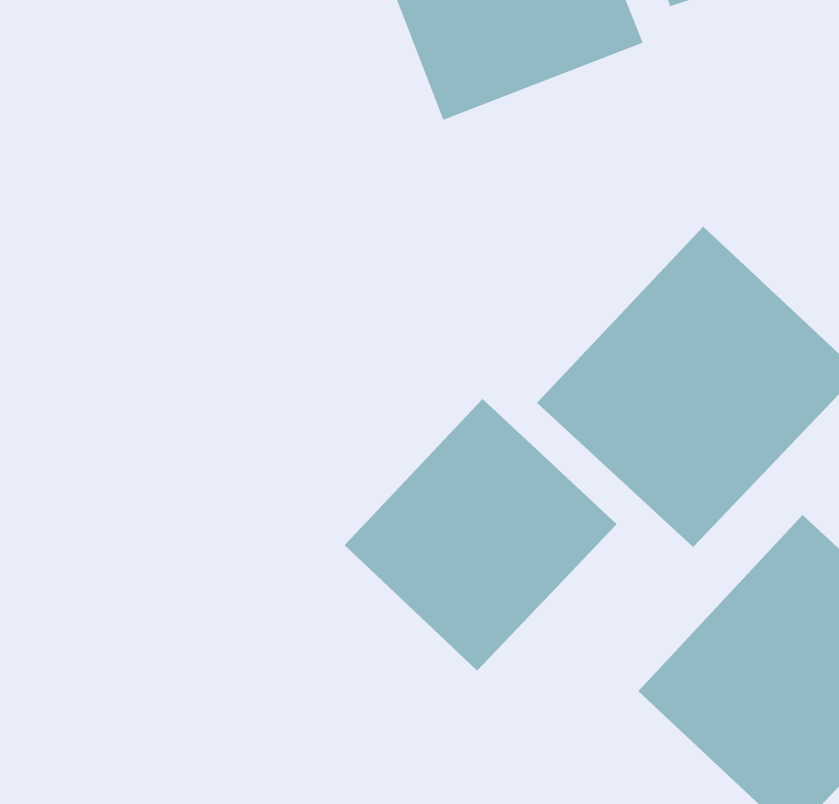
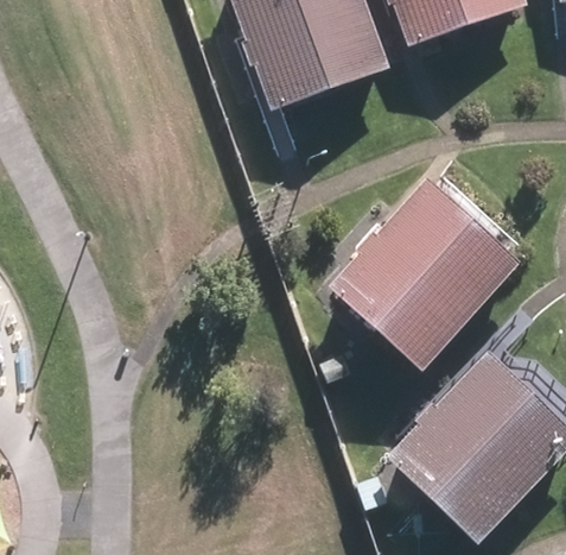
building: [344,398,618,672] -> none

